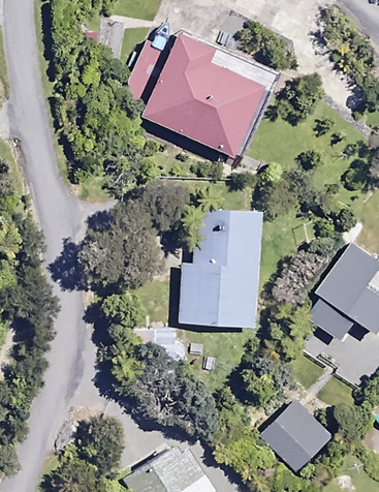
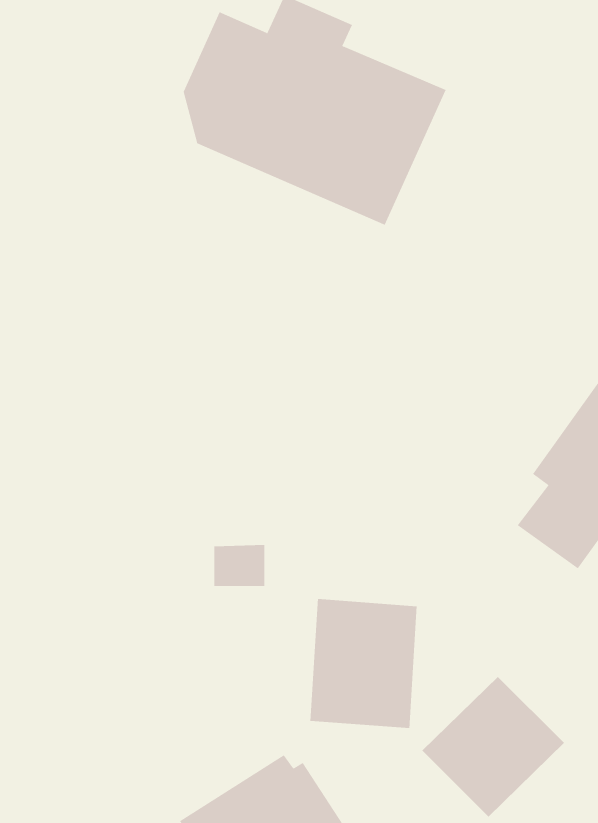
building: [178,207,264,328] -> none
building: none -> [310,598,417,729]

